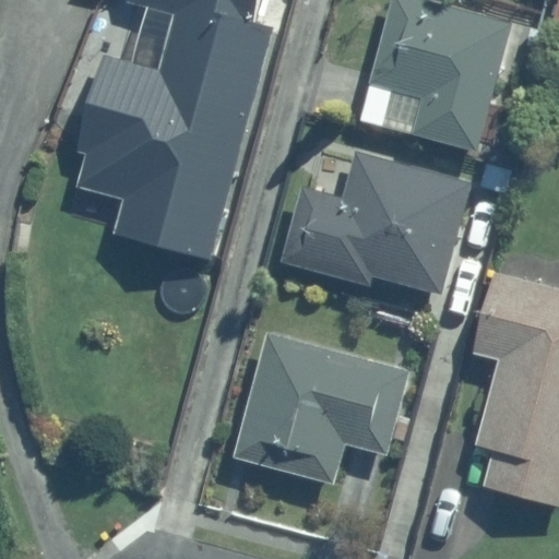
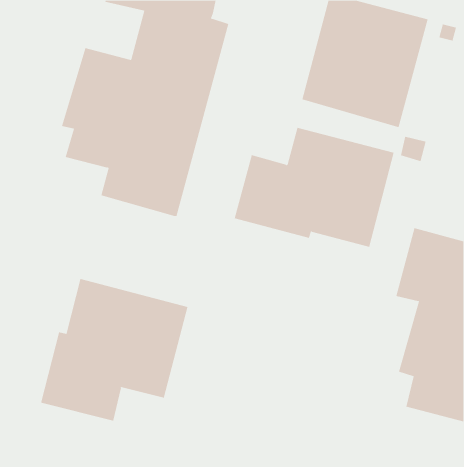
building: none -> [40,278,188,422]
building: [233,333,408,485] -> none

